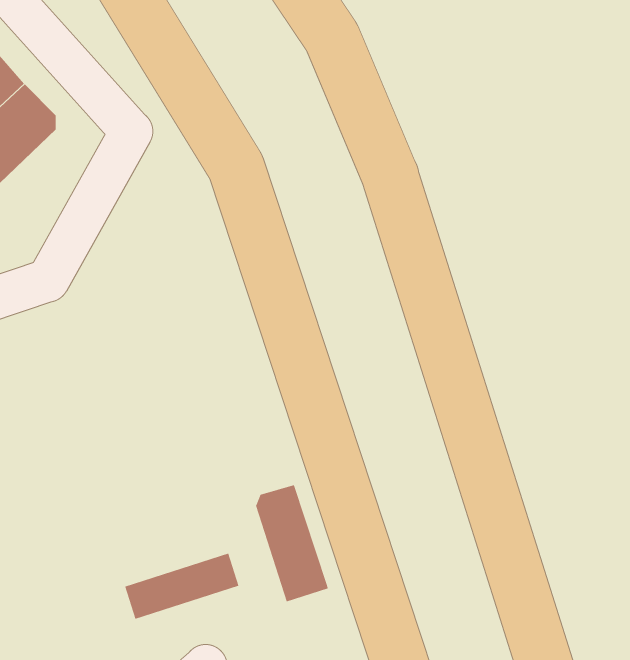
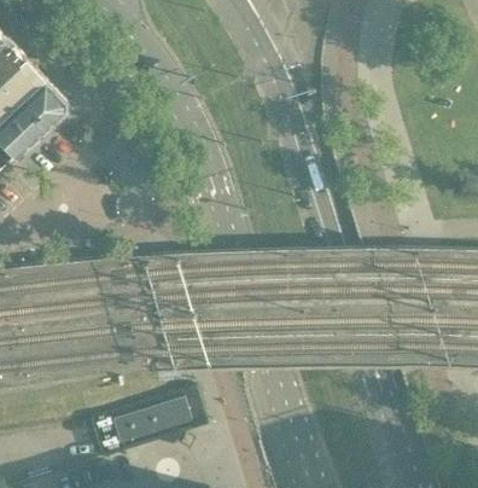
building: [255,484,329,603] -> none

